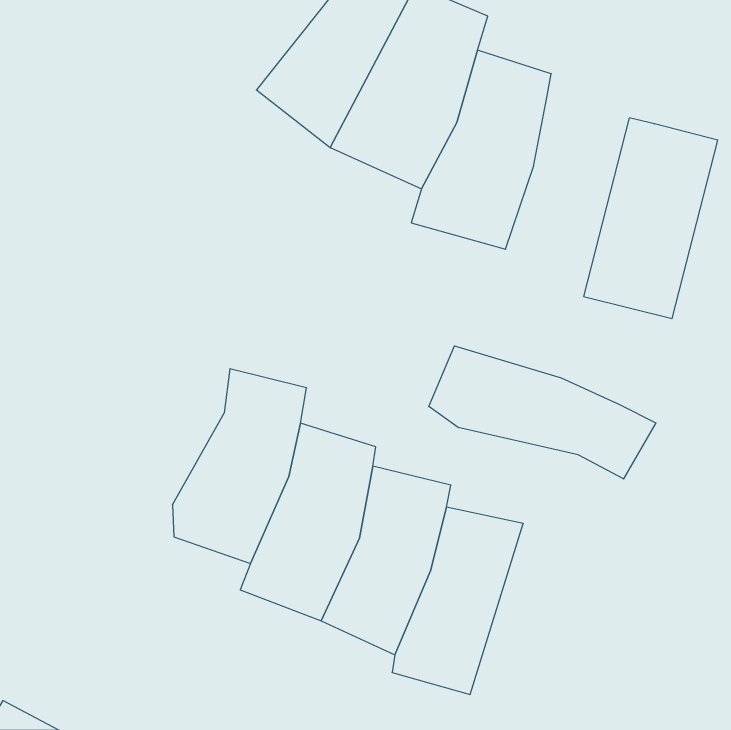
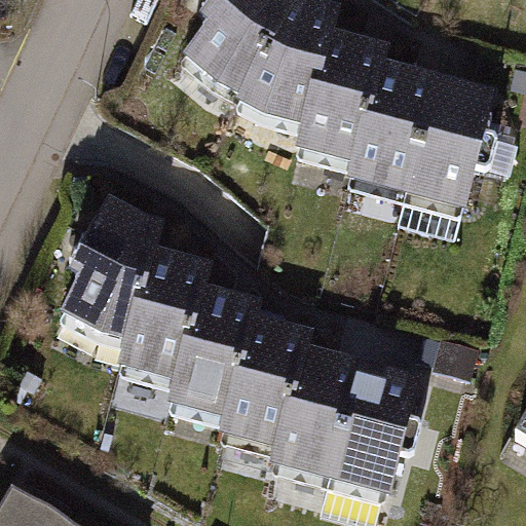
building: none -> [345,68,439,206]
building: none -> [55,203,164,351]
building: [429,346,656,479] -> none
building: none -> [328,365,428,504]

